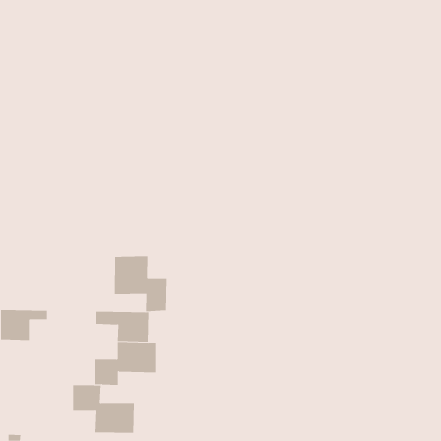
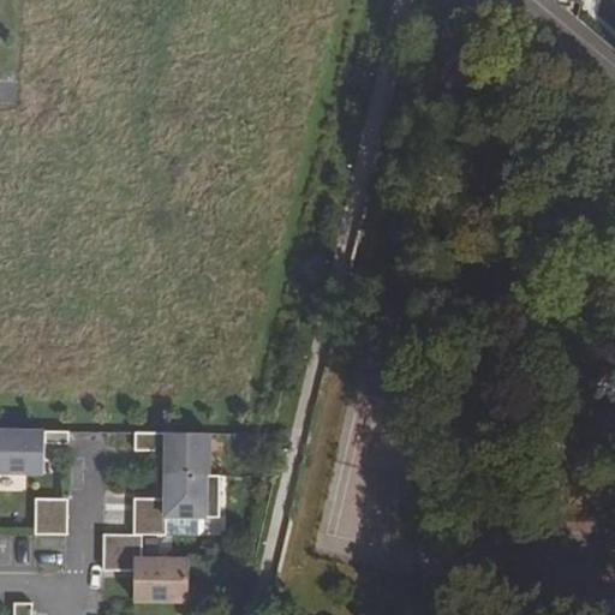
building: [114,255,167,312] -> none
building: none -> [30,502,67,535]

